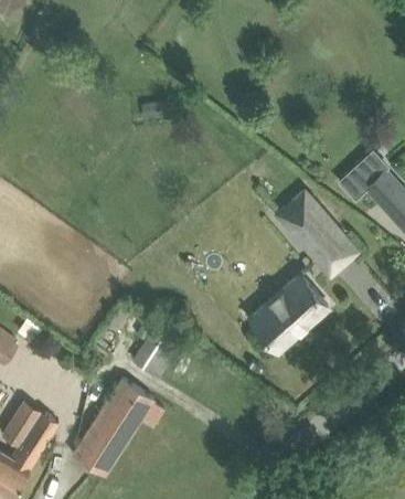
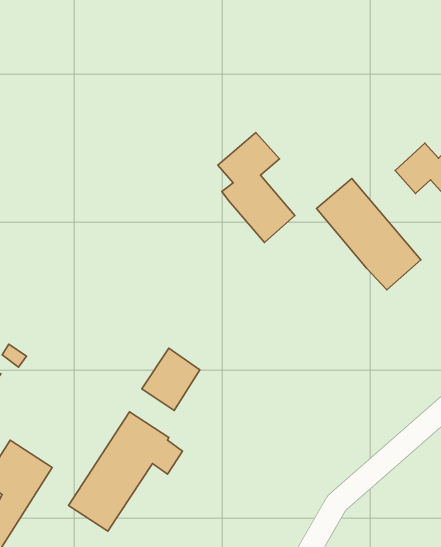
building: none -> [218,132,295,242]
building: [249,275,329,351] -> none

